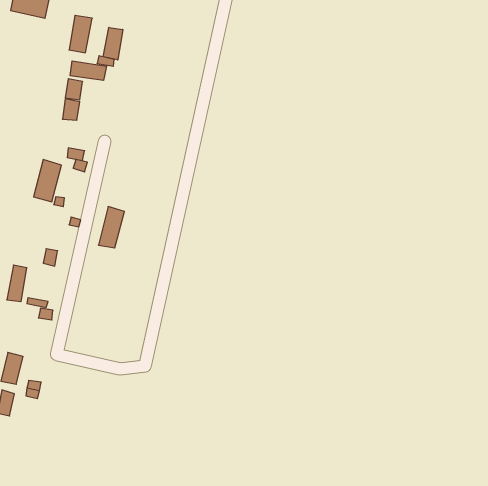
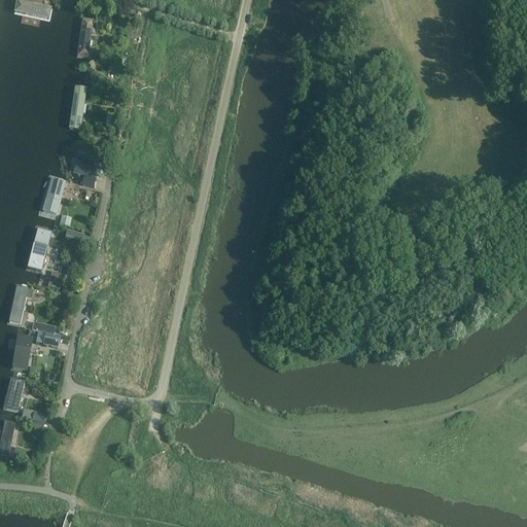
building: [103,27,123,60] -> none
building: [70,61,106,80] -> none
building: [98,207,124,248] -> [28,229,56,273]
building: none -> [7,332,34,366]

